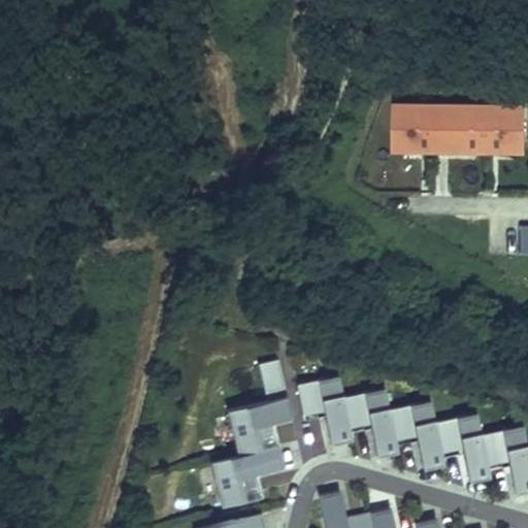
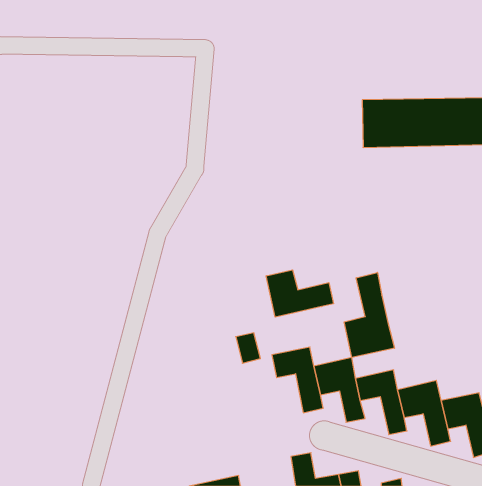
building: none -> [266,270,333,317]
building: none -> [344,272,394,358]
building: [212,398,293,508] -> none

